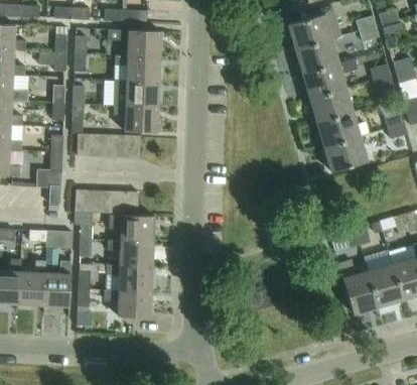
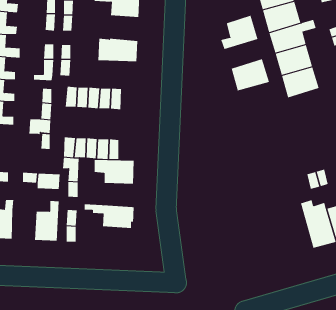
building: none -> [221,15,258,50]
building: [116,54,159,83] -> none
building: [114,105,157,132] -> none
building: [324,135,368,171] -> [231,59,270,91]
building: [108,240,153,267] -> none
building: [18,260,44,304] -> none
building: [104,289,151,316] -> none

